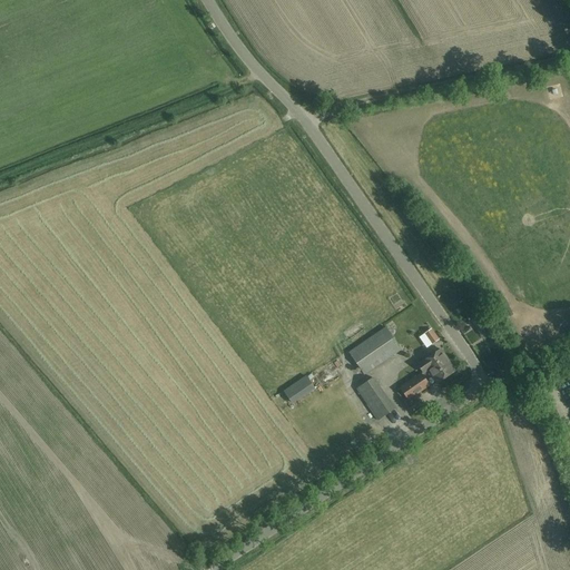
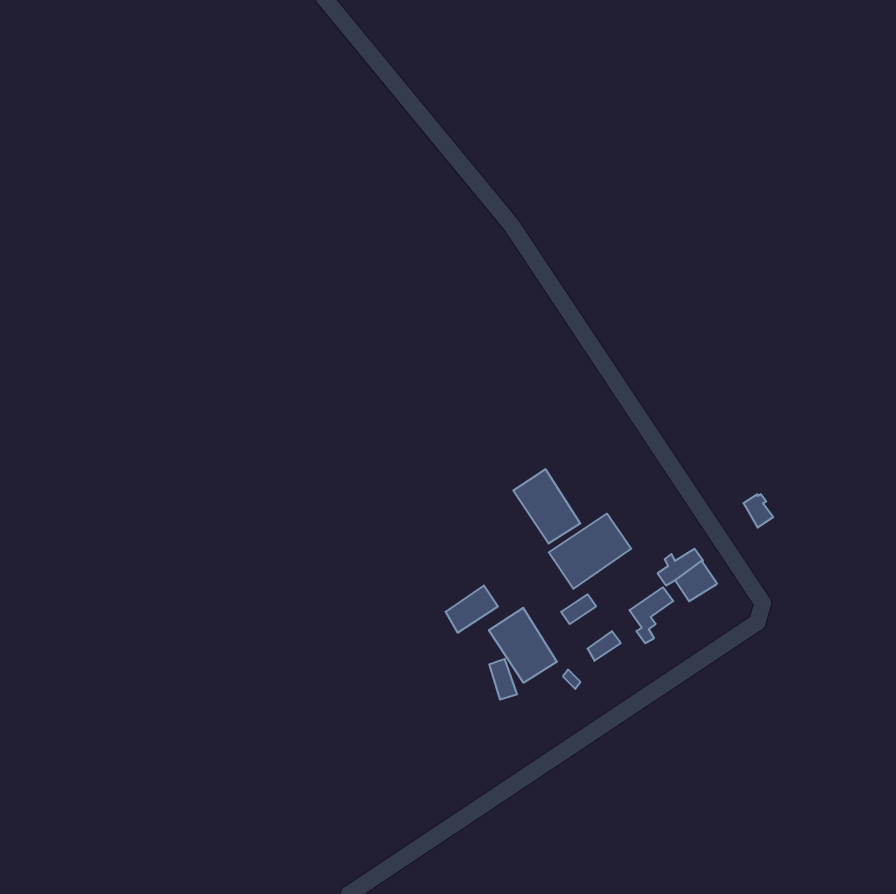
building: none -> [513,469,580,544]
building: none -> [489,608,557,683]

